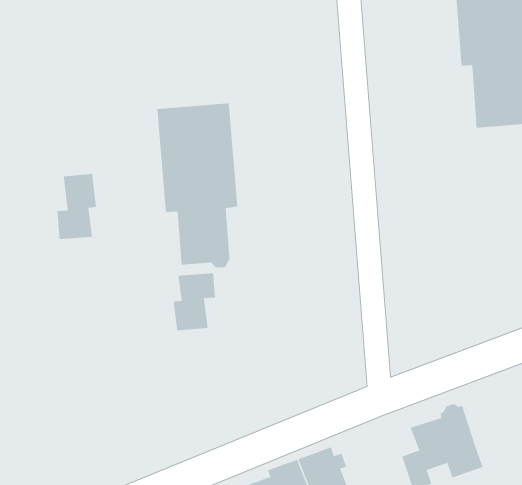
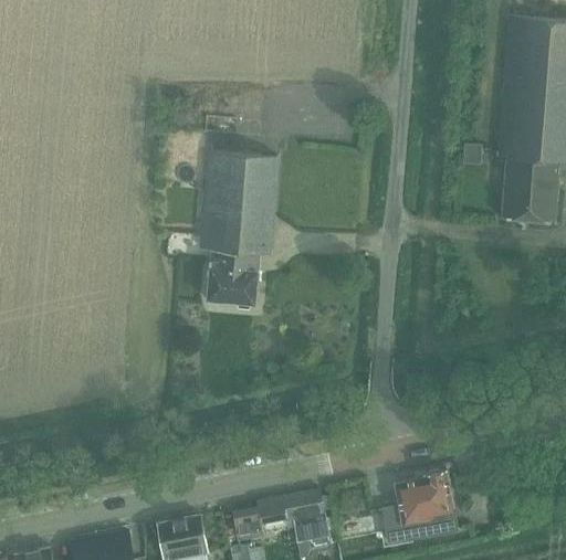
building: [57,173,97,240] -> none
building: [173,273,216,331] -> none

